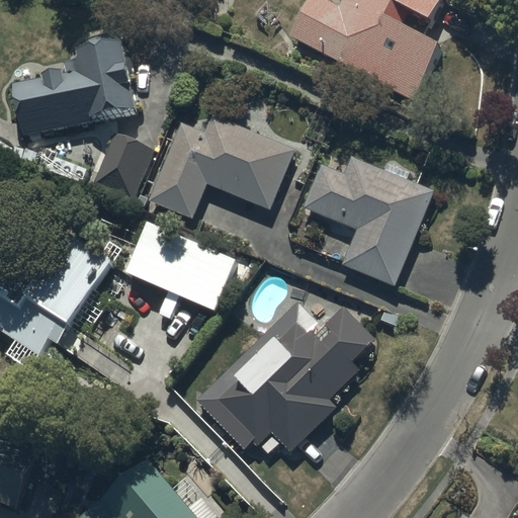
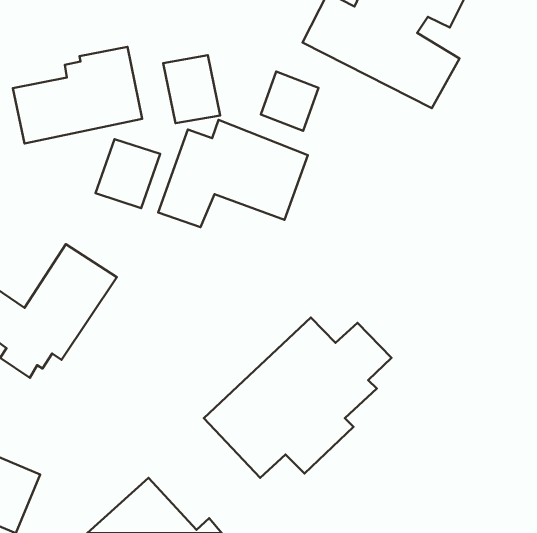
building: none -> [163,55,220,123]
building: none -> [261,71,319,131]
building: [301,157,432,287] -> none
building: [125,223,233,307] -> none

